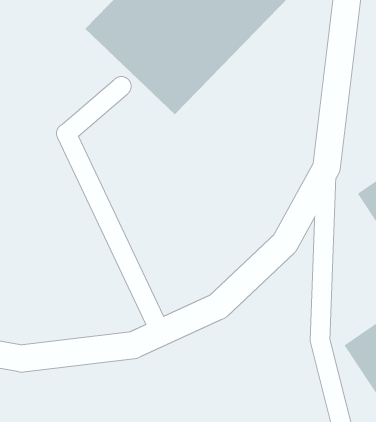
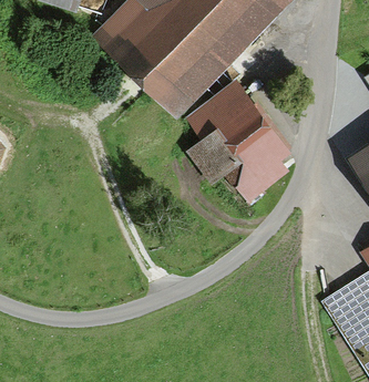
building: none -> [186,85,287,204]

